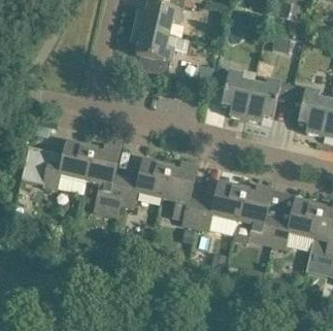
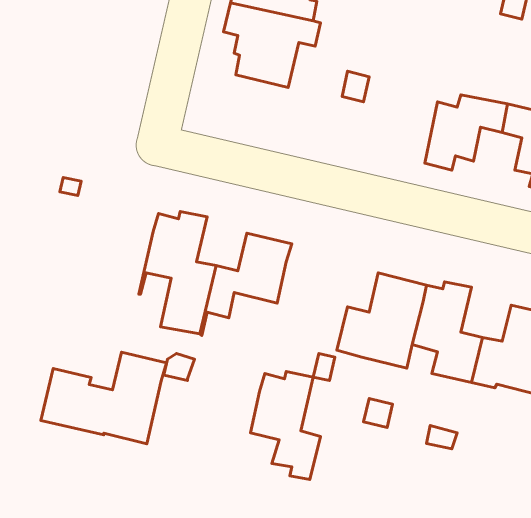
building: [213,49,253,117] -> none
building: [21,139,93,192] -> [41,352,167,444]
building: [161,162,201,224] -> [250,372,320,480]

